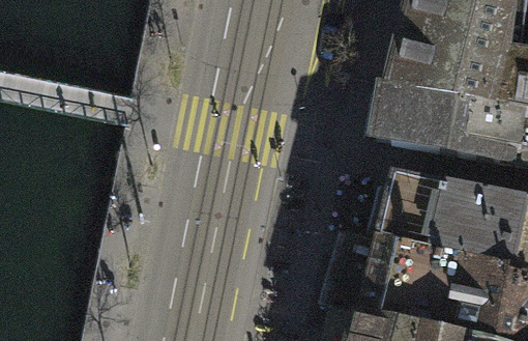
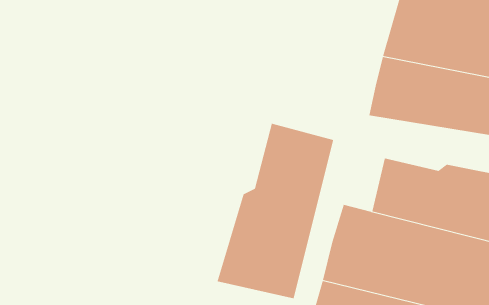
building: none -> [217,123,334,299]

